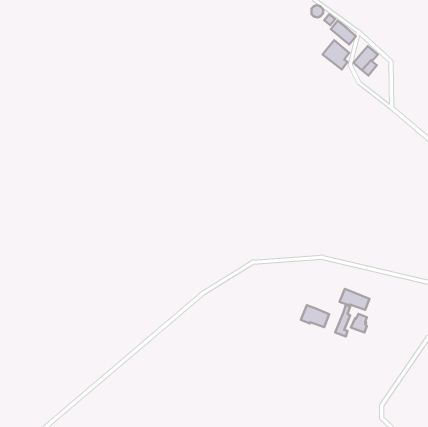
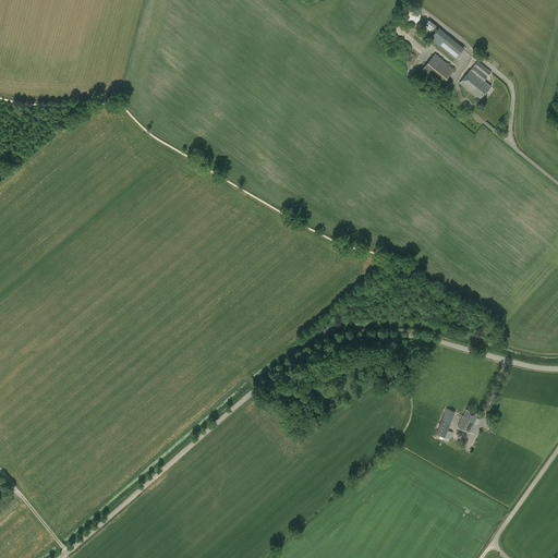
building: [339,289,369,310] -> none
building: [301,305,329,327] -> none

